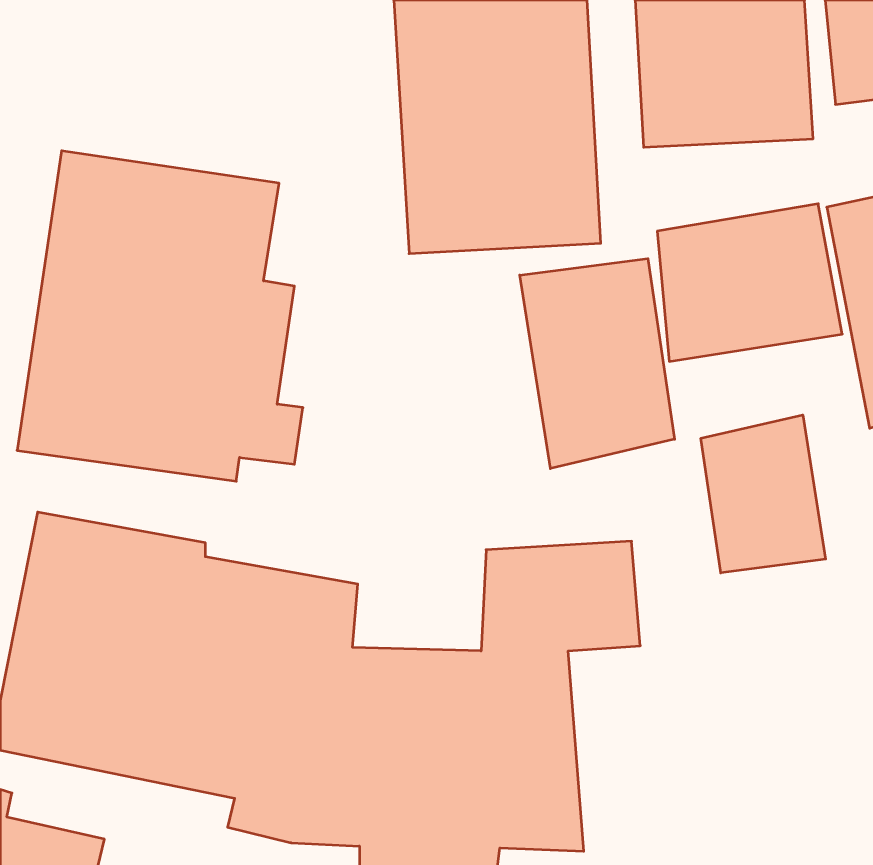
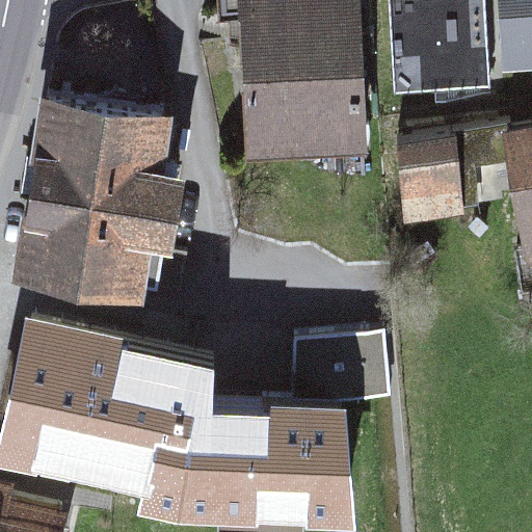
building: [520,259,675,469] -> none
building: [701,415,826,573] -> none

